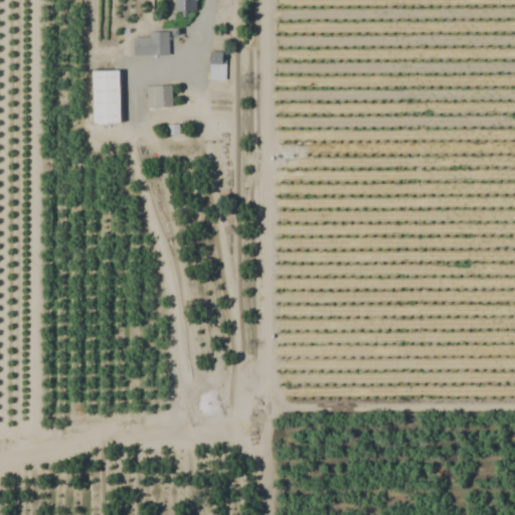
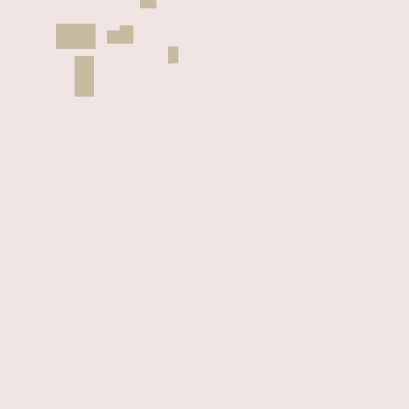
building: none -> [55,23,96,50]
building: [148,85,173,107] -> none

